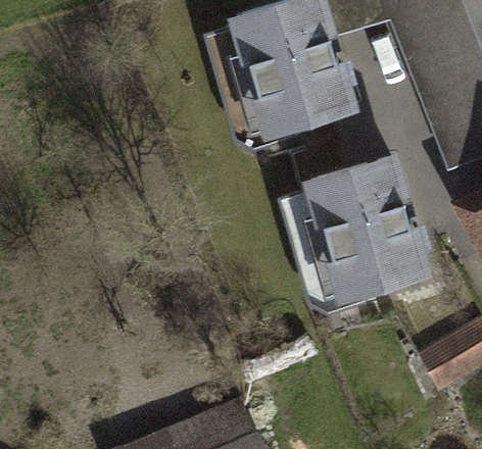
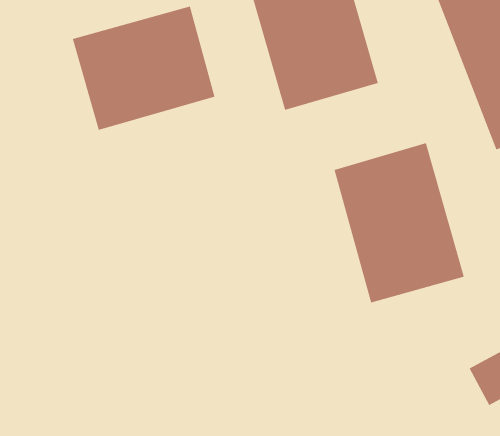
building: none -> [72,5,215,131]

